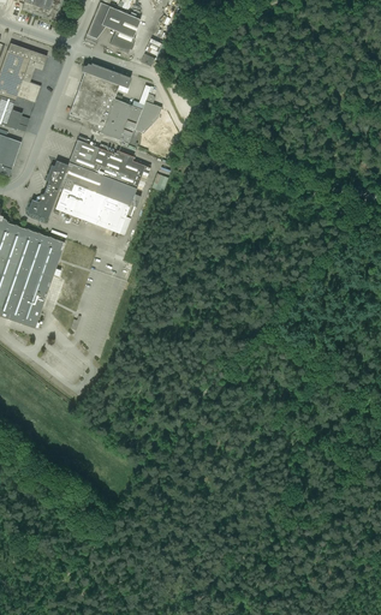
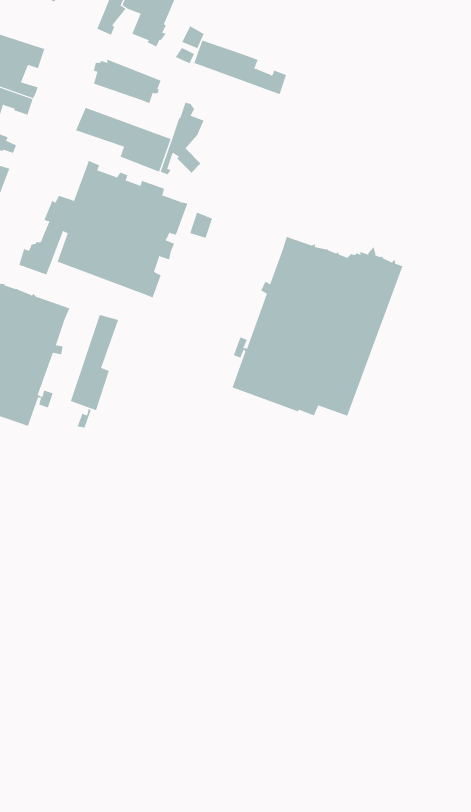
building: [75,80,142,120] -> [194,40,287,95]
building: none -> [232,236,403,416]
building: none -> [70,314,119,411]

